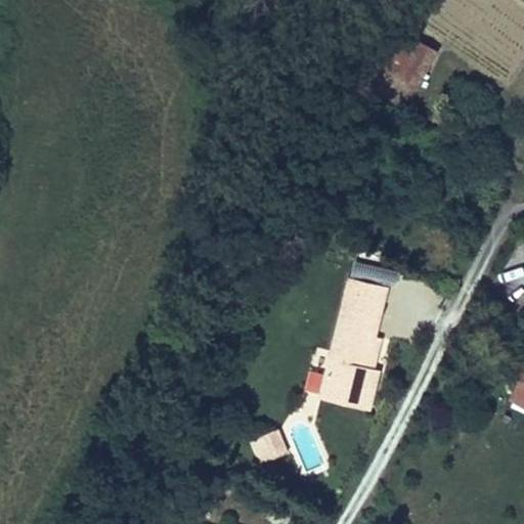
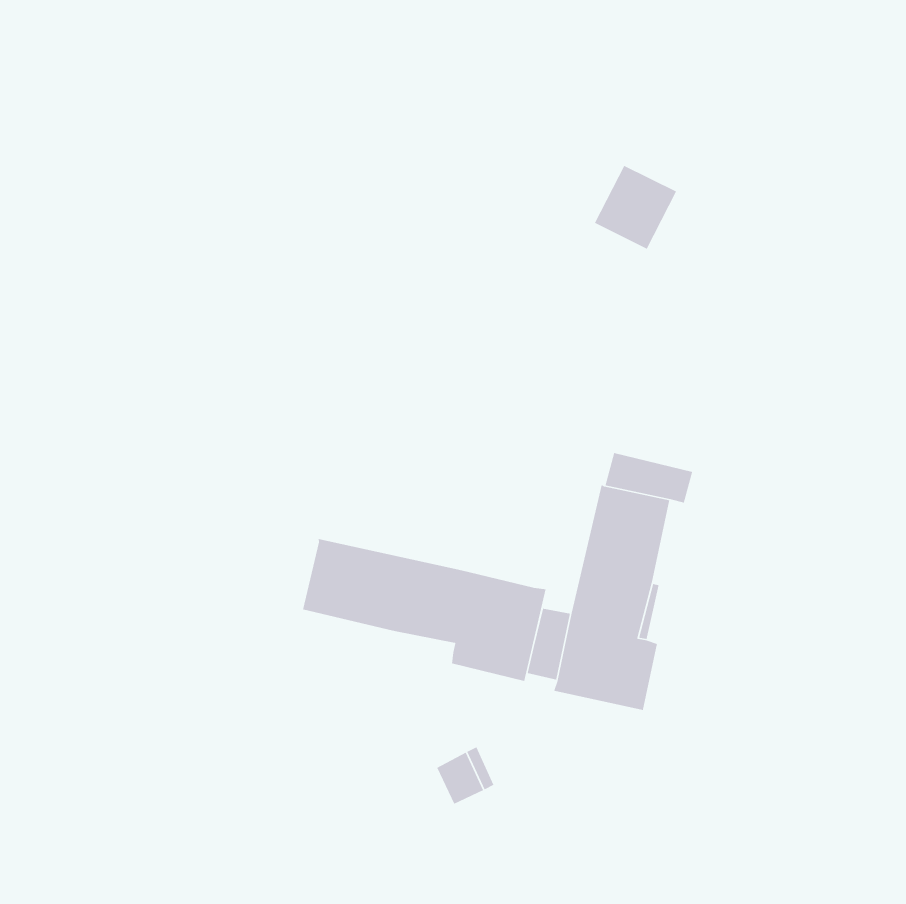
building: [390,37,438,86] -> [594,165,677,250]
building: none -> [302,538,547,682]

